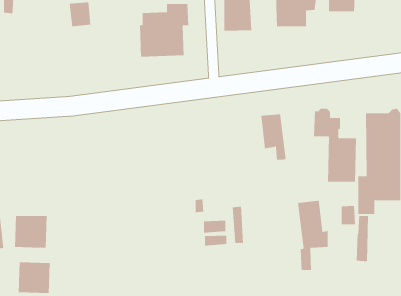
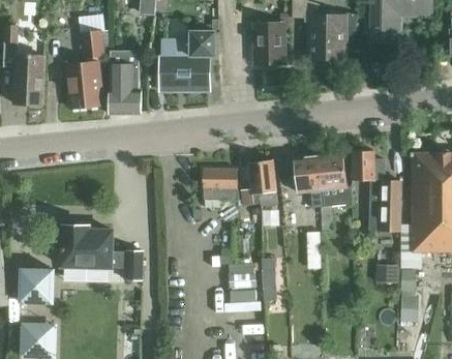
building: none -> [108,53,143,114]
building: none -> [14,54,44,104]
building: none -> [64,60,103,109]
building: none -> [242,159,277,204]
building: none -> [202,170,238,200]
building: none -> [59,226,143,279]
building: [297,200,329,270] -> [317,151,352,230]

